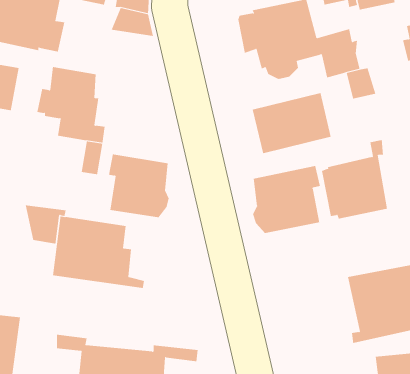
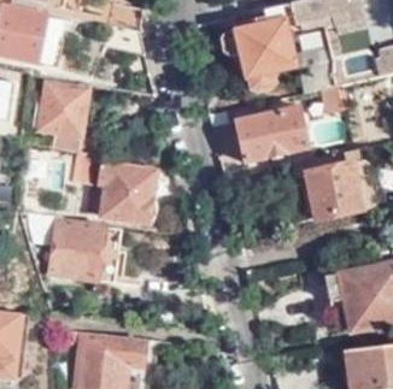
building: [252,165,320,234] -> none

